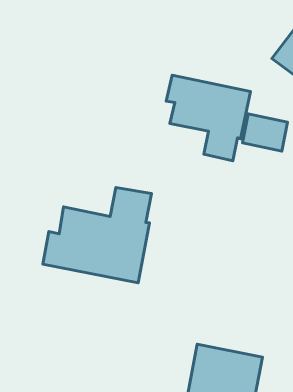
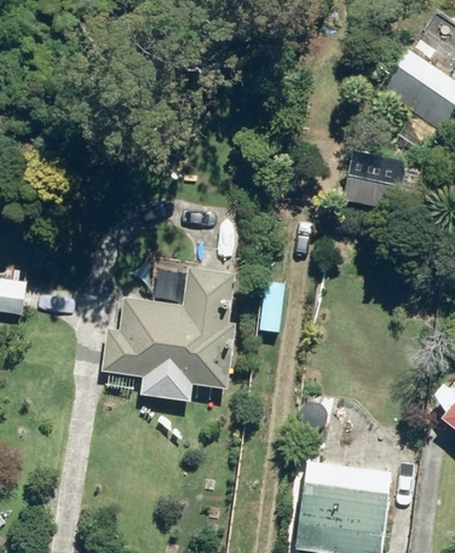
building: [166,75,250,161] -> none

